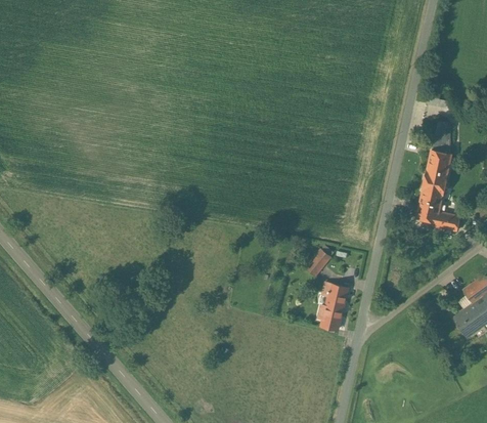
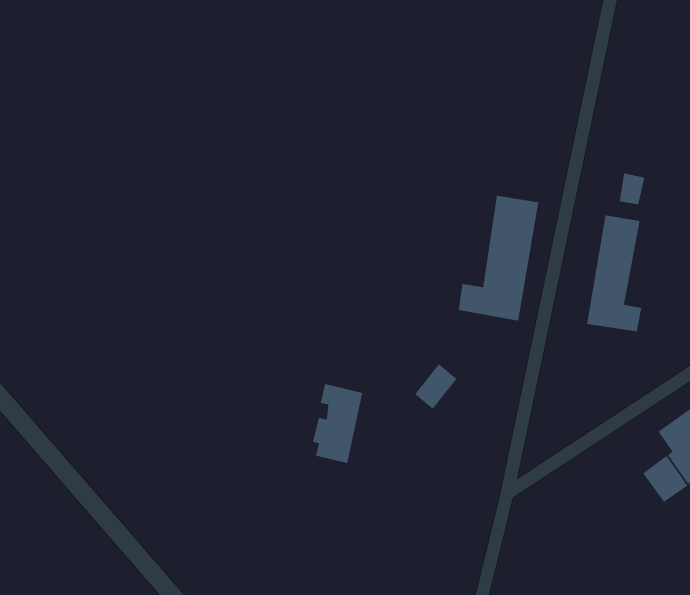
building: none -> [458,195,539,322]
building: [315,280,349,333] -> [312,383,363,464]

